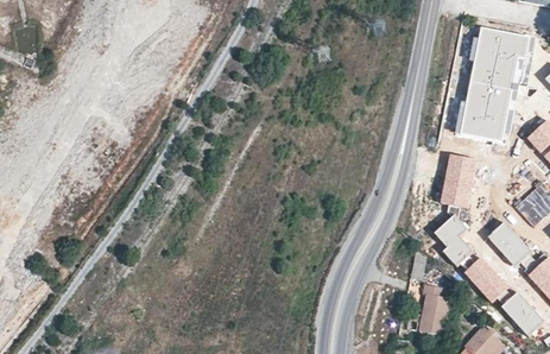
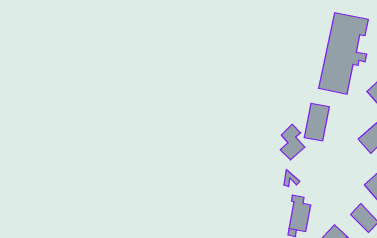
building: [441,219,475,268] -> [280,124,305,160]
building: [491,223,533,266] -> none
building: [467,264,510,305] -> none

